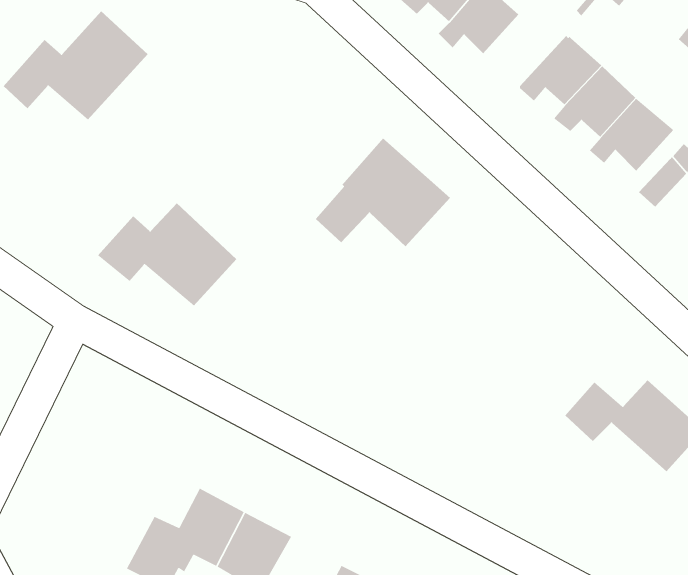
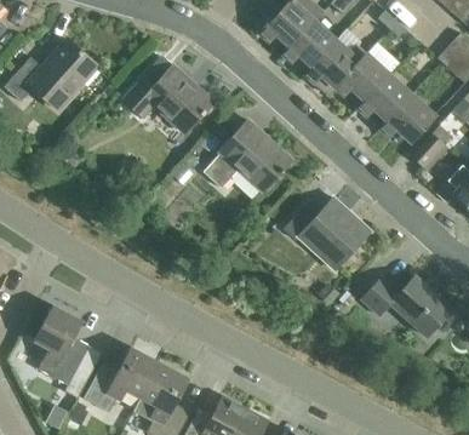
building: none -> [305,44,365,98]
building: [97,202,237,306] -> [122,68,212,134]
building: none -> [284,200,370,271]
building: none -> [33,305,101,397]

